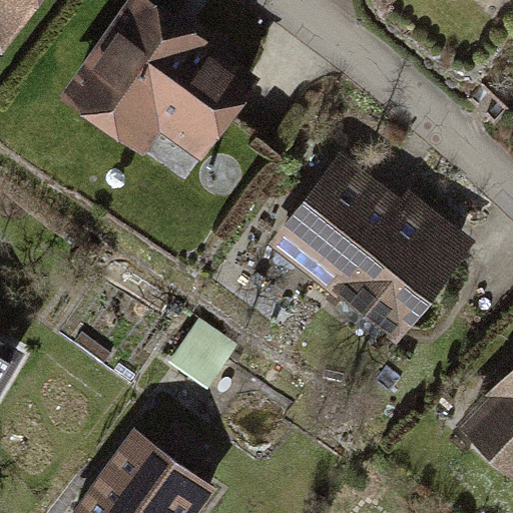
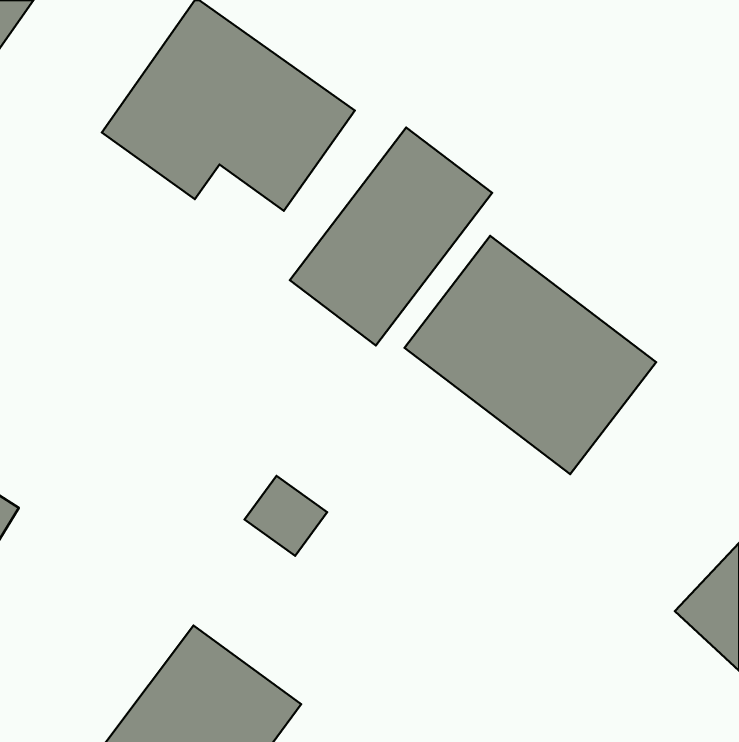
building: none -> [290,128,492,346]

